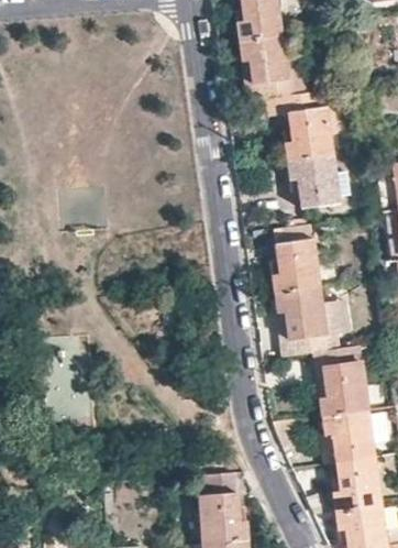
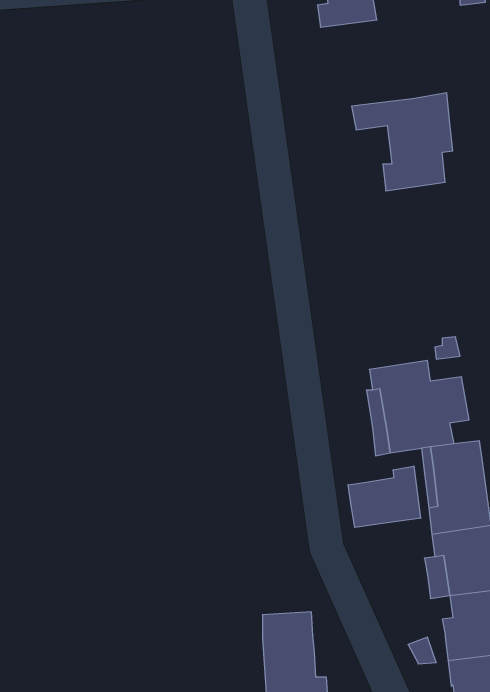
building: [242,36,310,101] -> none
building: [290,156,344,208] -> none
building: [275,226,321,295] -> none
building: none -> [348,466,421,527]

